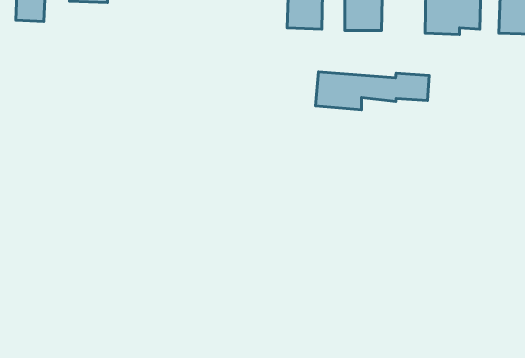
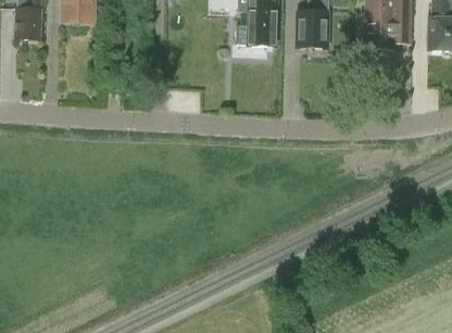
building: [316,72,429,110] -> none

